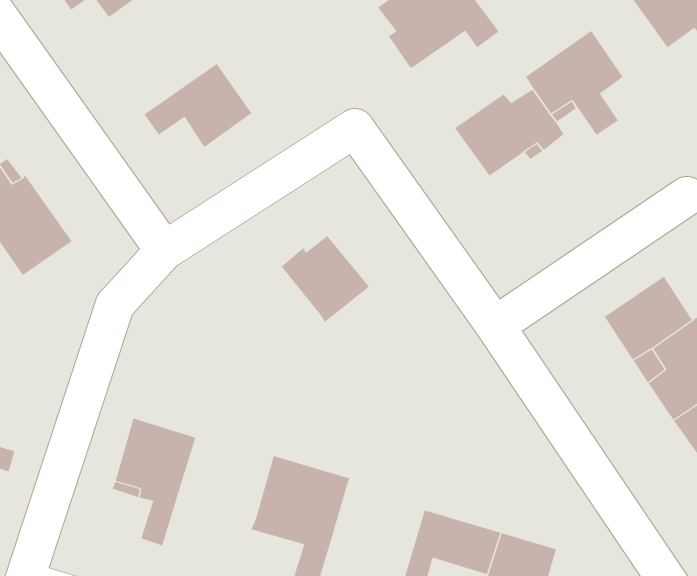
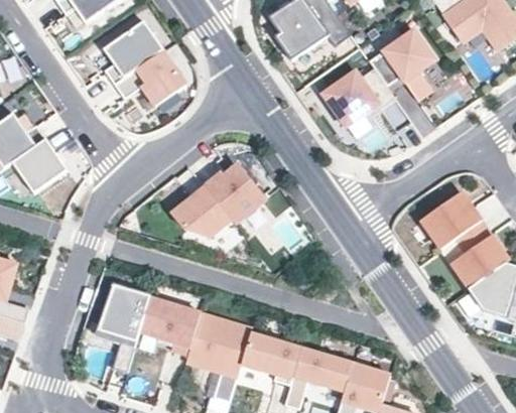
building: none -> [104,20,164,84]
building: none -> [173,185,232,239]
building: none -> [139,296,201,354]
building: none -> [241,332,301,385]

